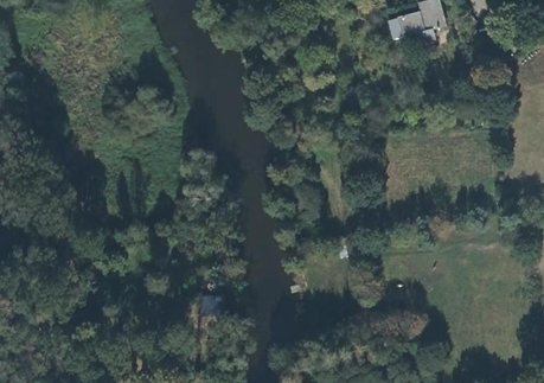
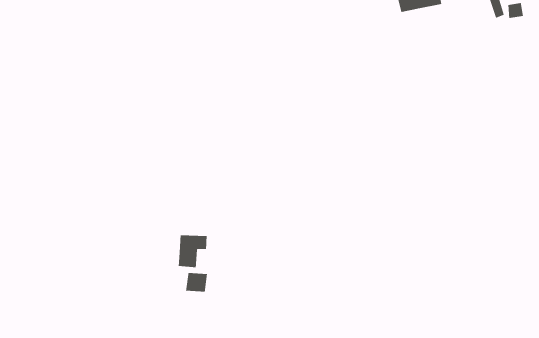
building: none -> [178,234,208,268]

